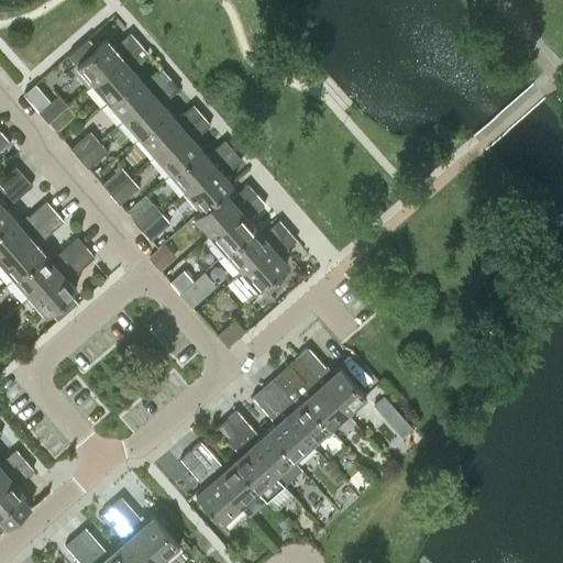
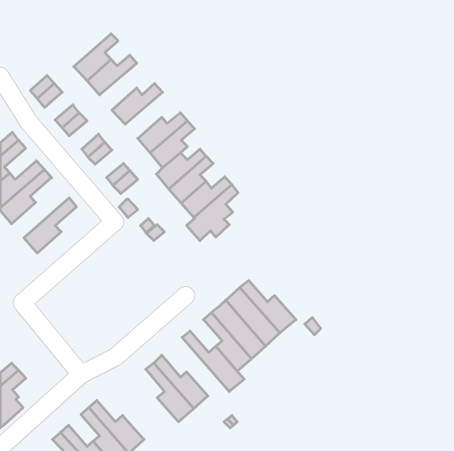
building: [67,35,137,86] -> none
building: [123,81,178,140] -> none
building: [155,118,209,175] -> none
building: [14,240,86,298] -> none
building: [216,421,284,504] -> none

